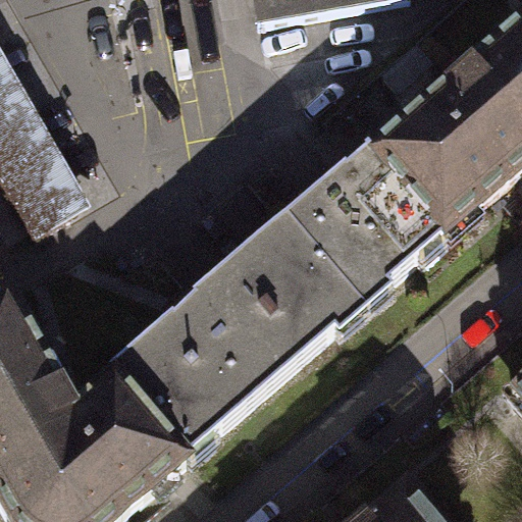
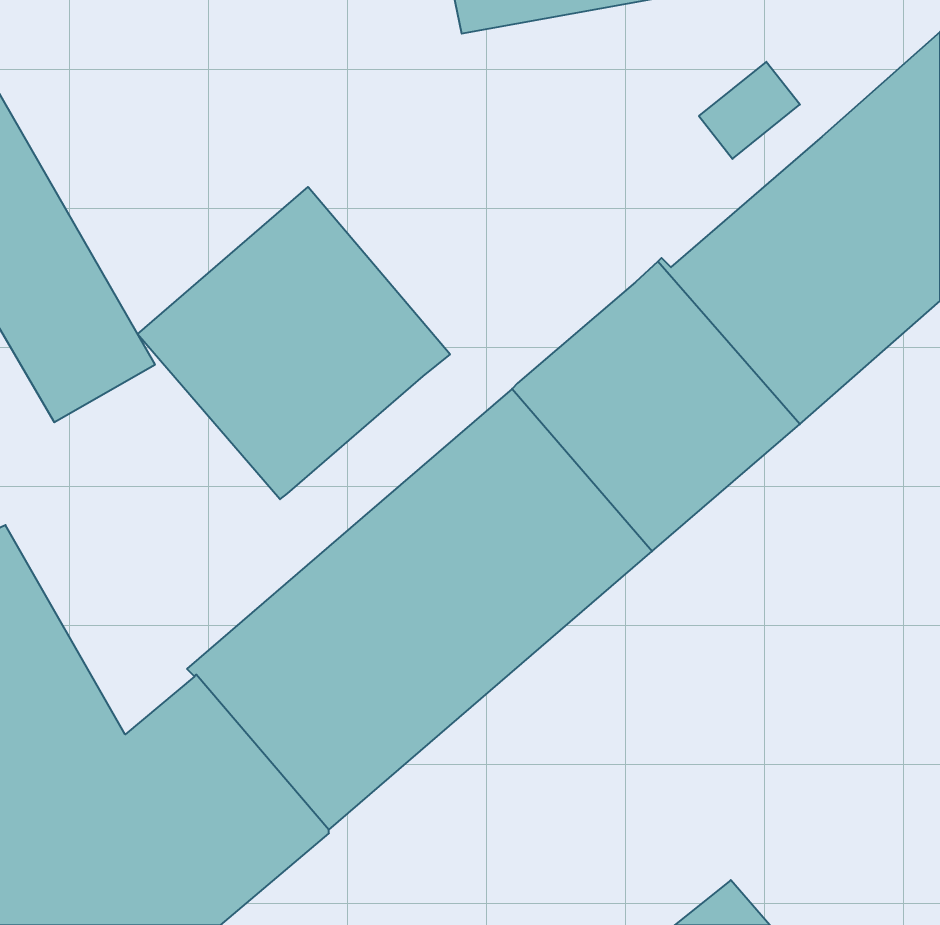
building: none -> [138,187,450,499]

